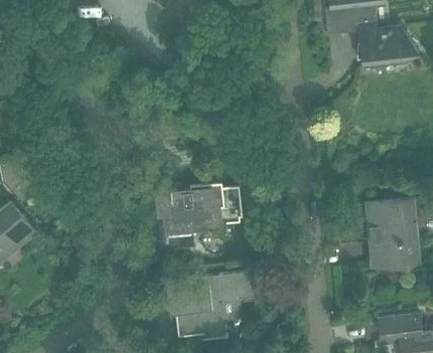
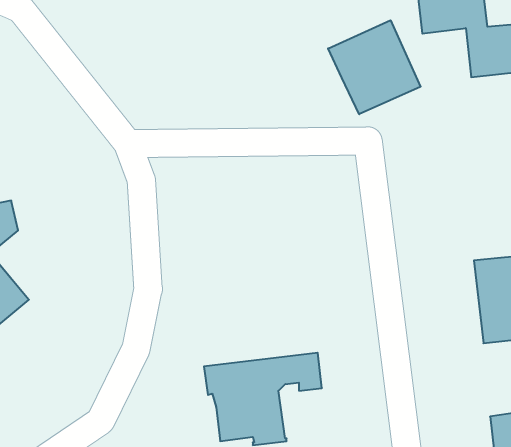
building: none -> [328,20,421,114]
building: [155,189,237,230] -> none

